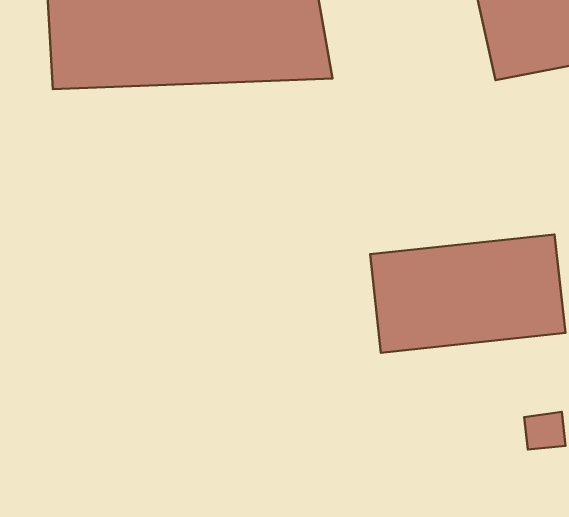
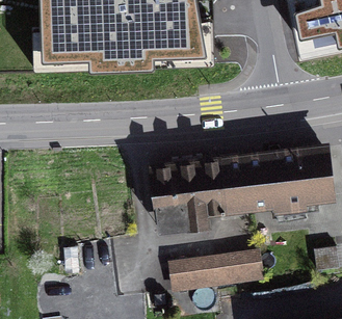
building: none -> [154,159,232,224]
building: none -> [168,252,261,289]

